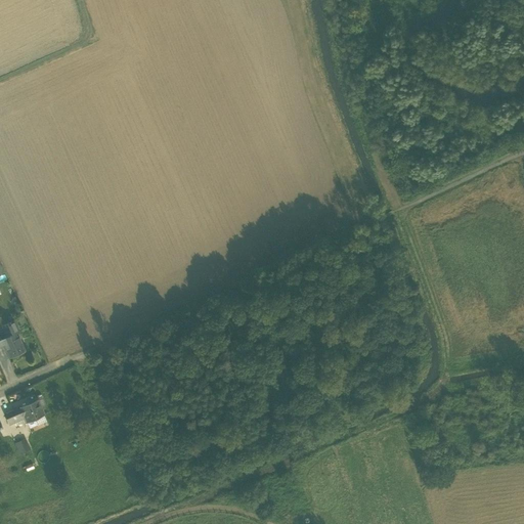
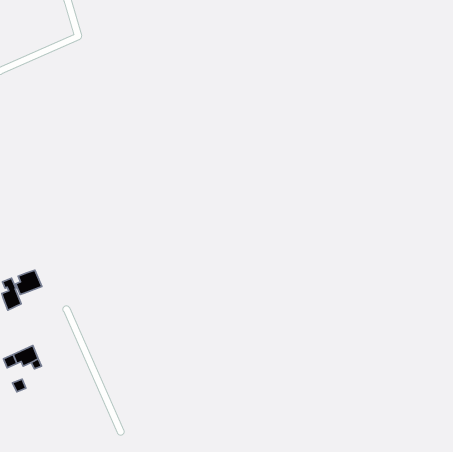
building: none -> [16,270,42,294]

